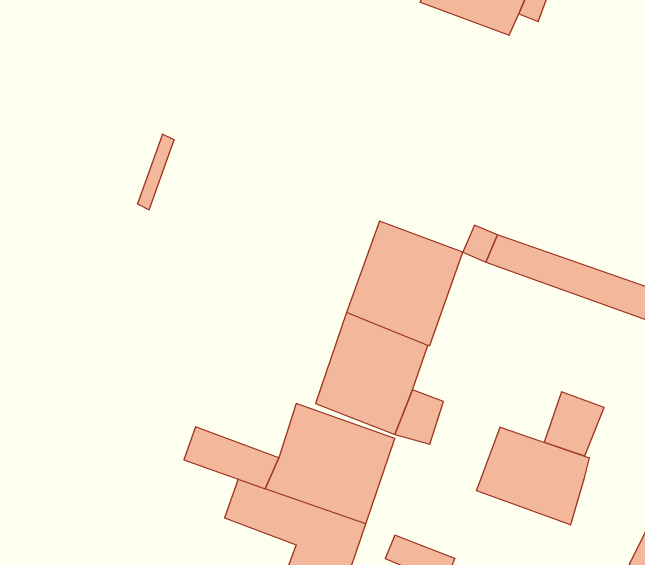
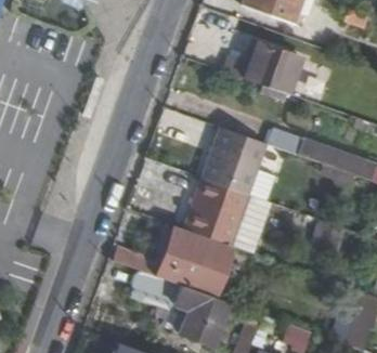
building: none -> [225,40,305,94]
building: [477,427,589,525] -> none

